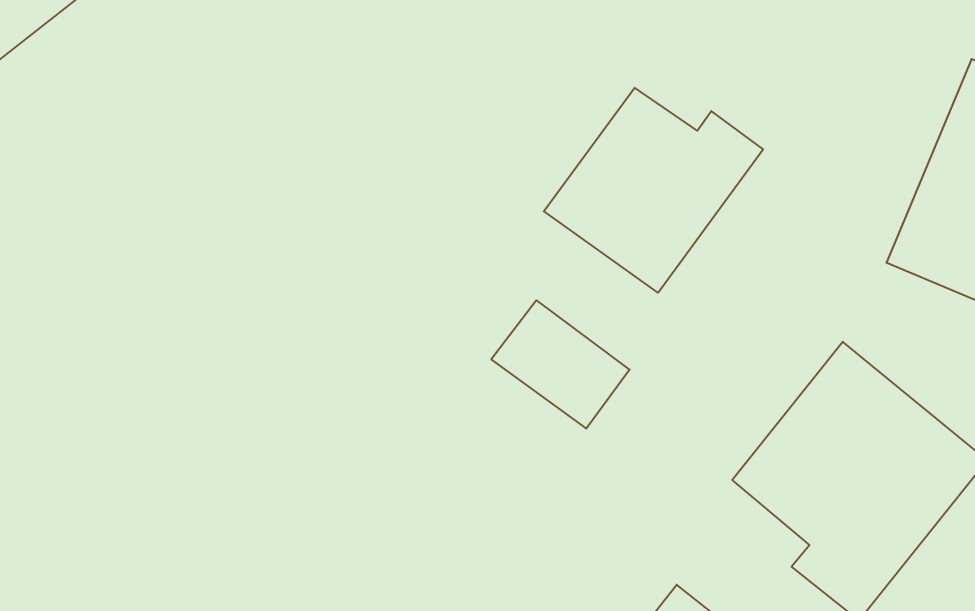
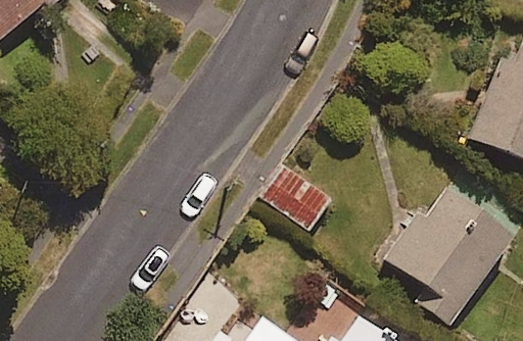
building: [544,88,763,293] -> none

